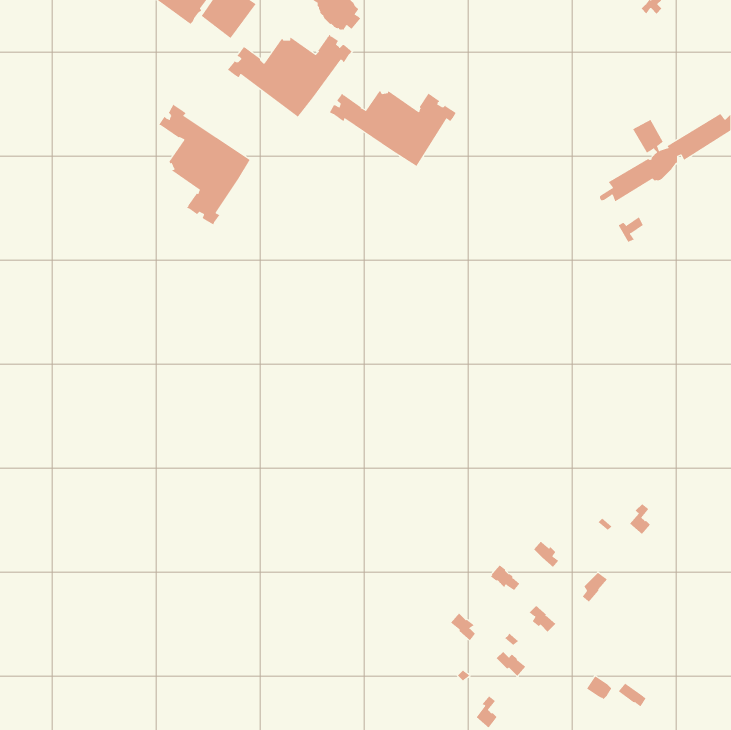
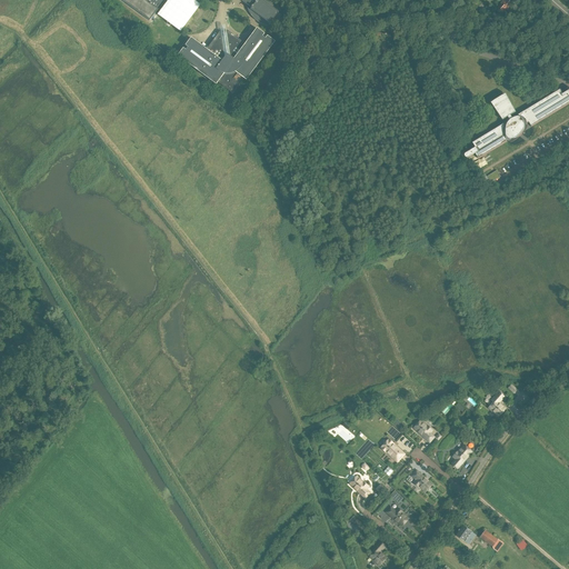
building: [329,91,458,167] -> none
building: [158,103,250,226] -> none

